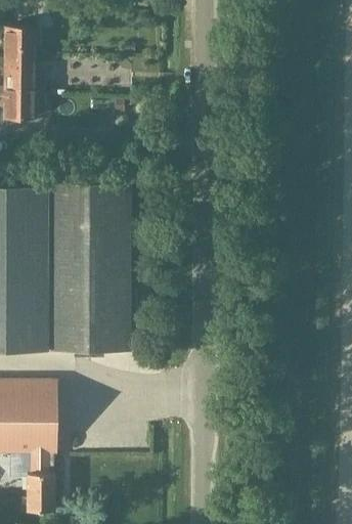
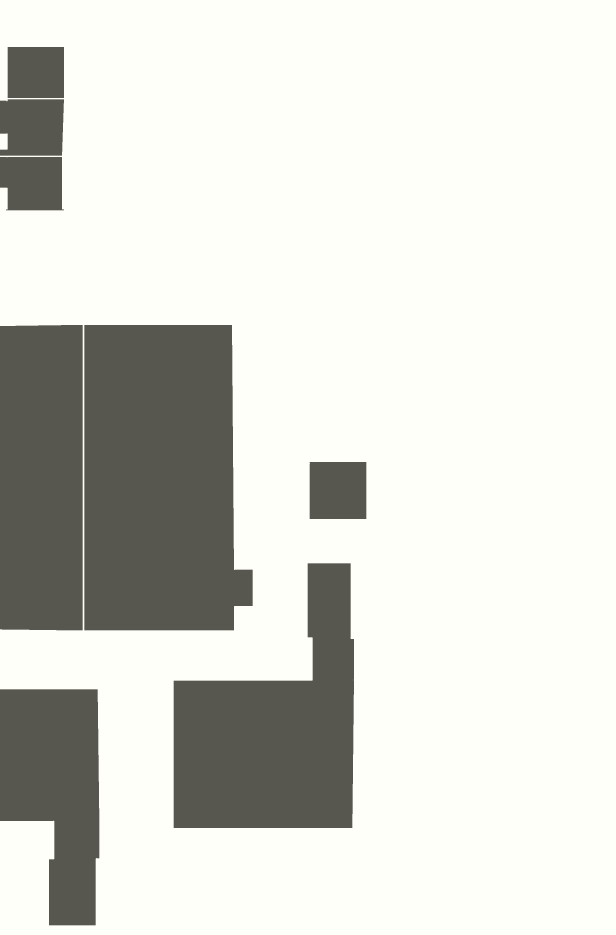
building: none -> [309,461,367,520]
building: none -> [173,563,354,829]

